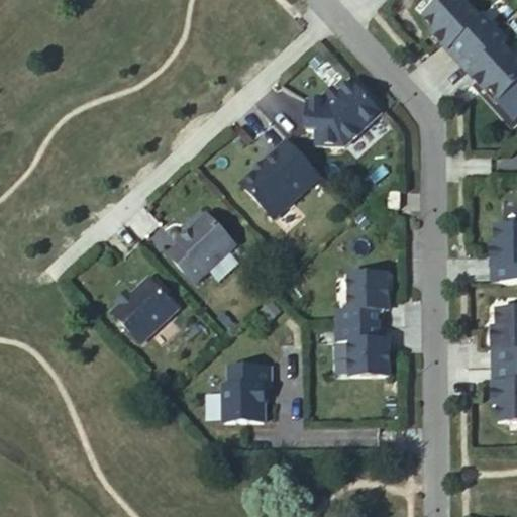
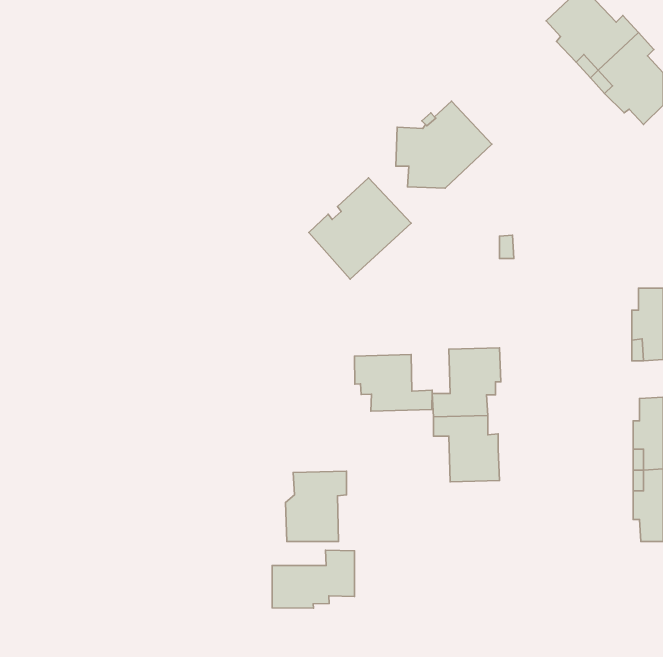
building: [168,213,235,283] -> none
building: none -> [355,355,432,411]
building: [110,278,176,341] -> none
building: none -> [272,550,354,608]

